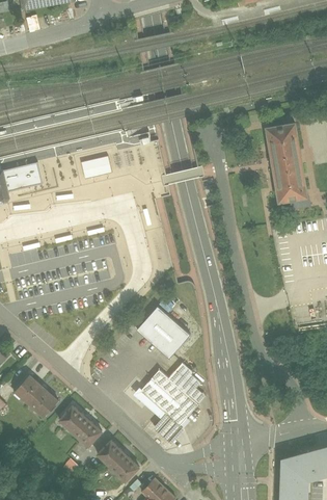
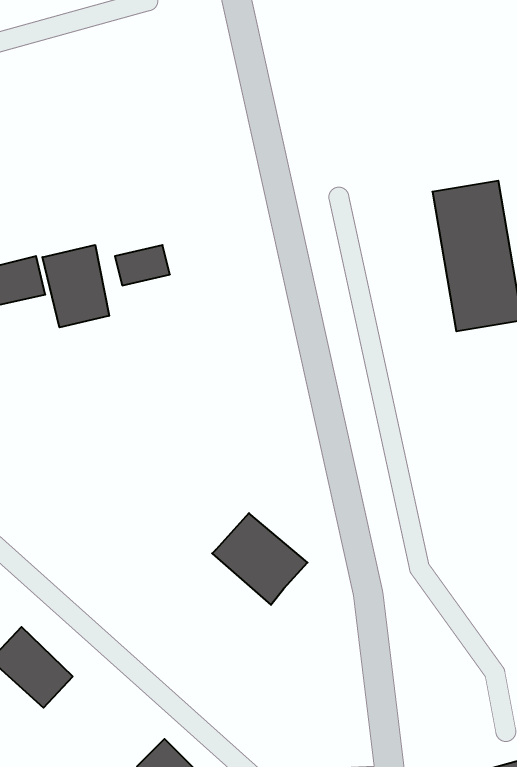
building: none -> [42,245,109,327]
building: [132,361,206,443] -> none
building: [56,401,103,446] -> none

